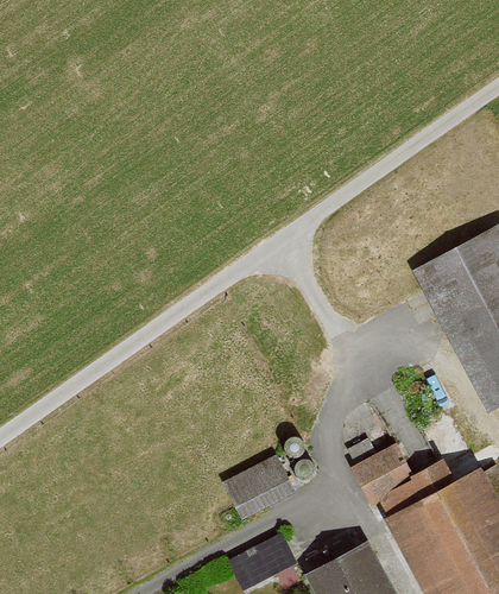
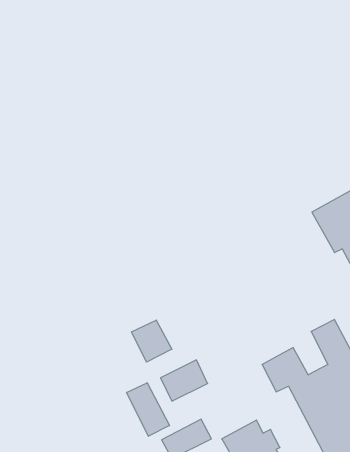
building: none -> [132,320,172,362]
building: none -> [127,383,170,436]

